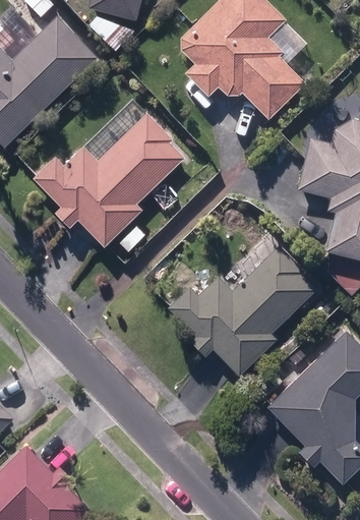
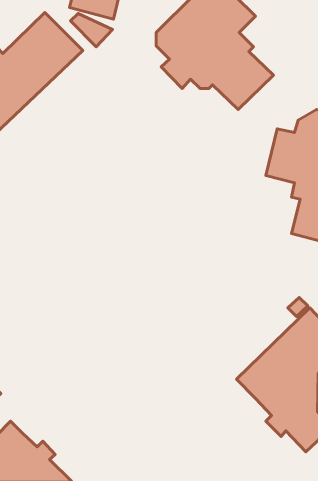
building: [35,110,188,245] -> none
building: [167,246,315,378] -> none

